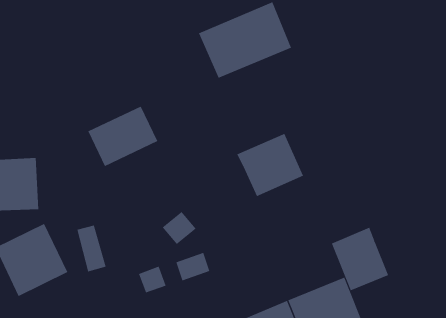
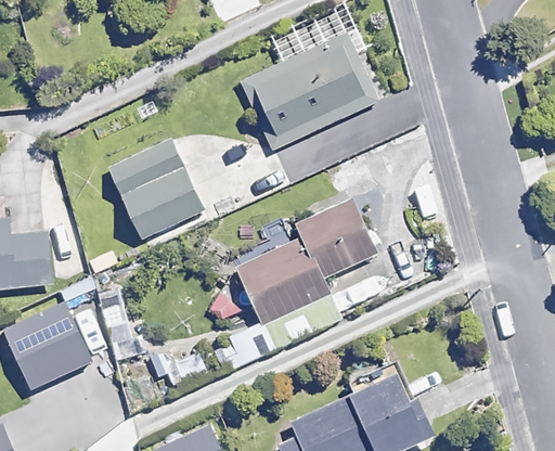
building: none -> [103,137,180,194]
building: none -> [229,236,323,318]
building: [331,227,389,291] -> none

